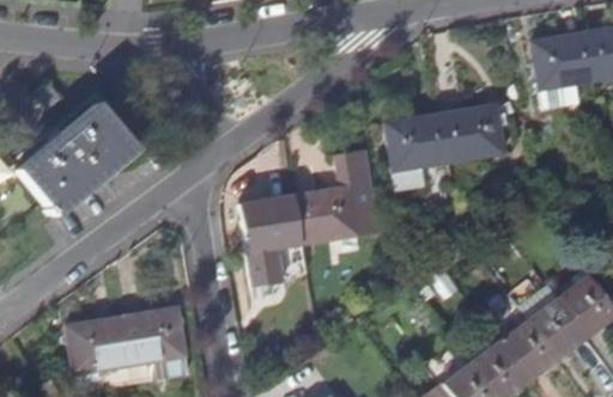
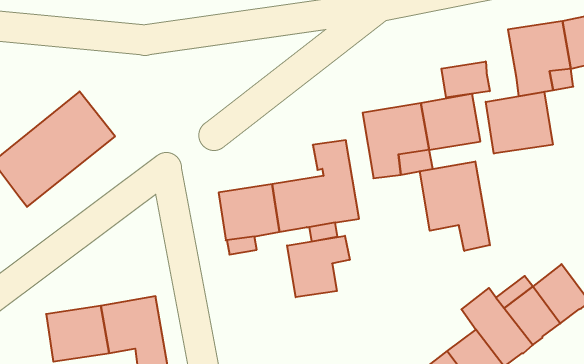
building: none -> [441,61,490,98]
building: none -> [486,92,553,154]
building: none -> [420,161,490,251]
building: none -> [287,236,350,297]

